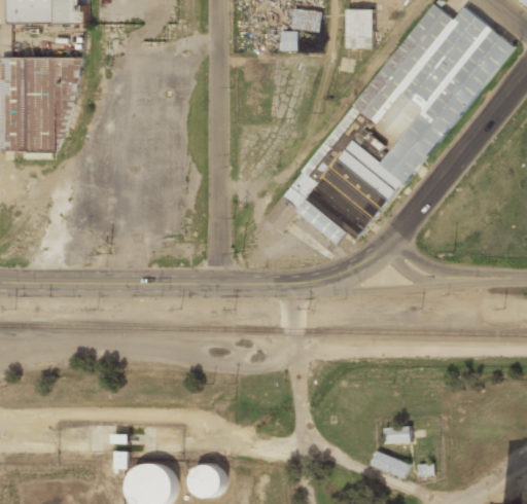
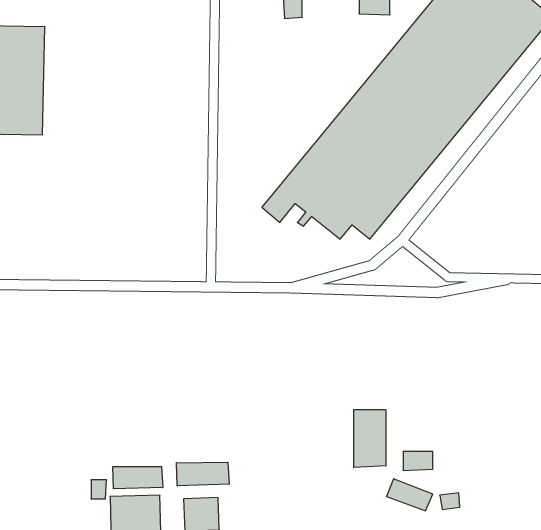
building: none -> [354,410,386,468]
building: none -> [176,462,229,486]
building: none -> [113,467,163,489]

